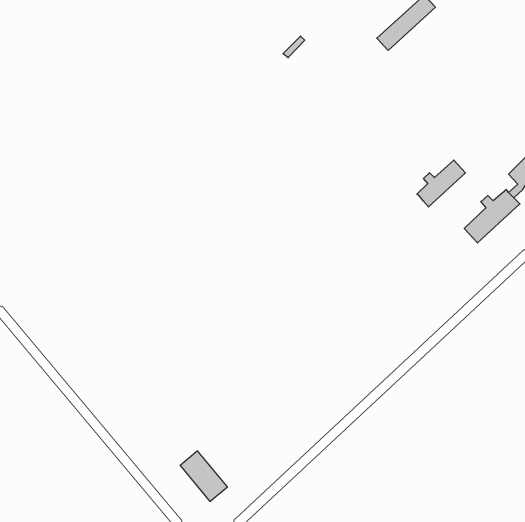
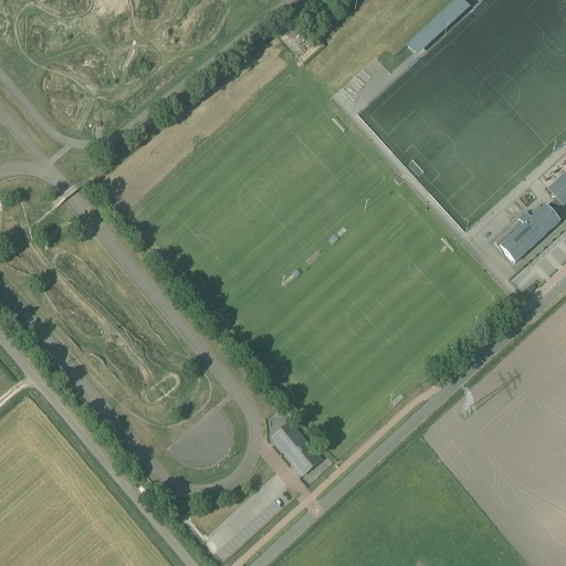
building: [417,160,465,207] -> none
building: [180,451,227,501] -> [271,421,322,475]

